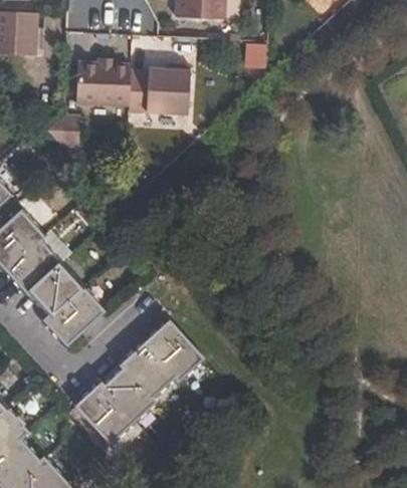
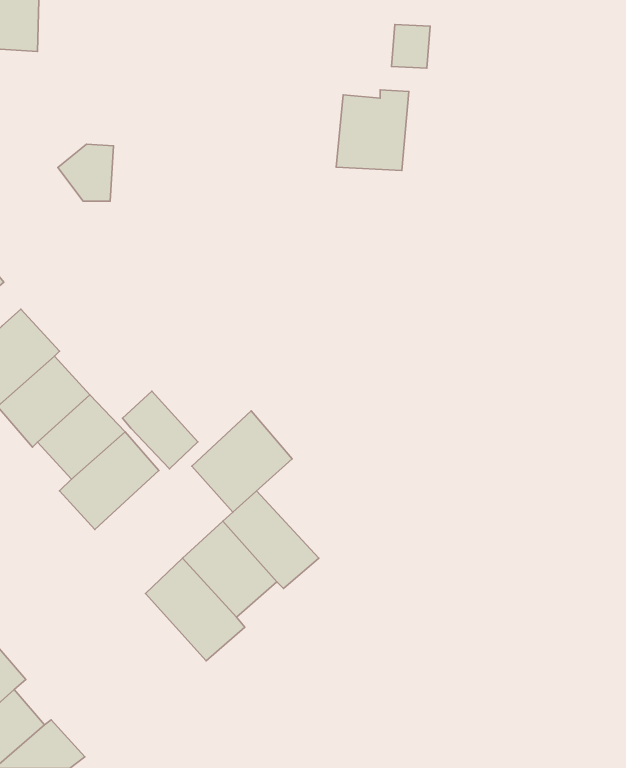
building: [76,59,129,107] -> none
building: [143,64,186,112] -> [336,90,409,171]
building: none -> [122,391,198,469]
building: none -> [192,411,292,512]
building: [74,383,135,445] -> none

